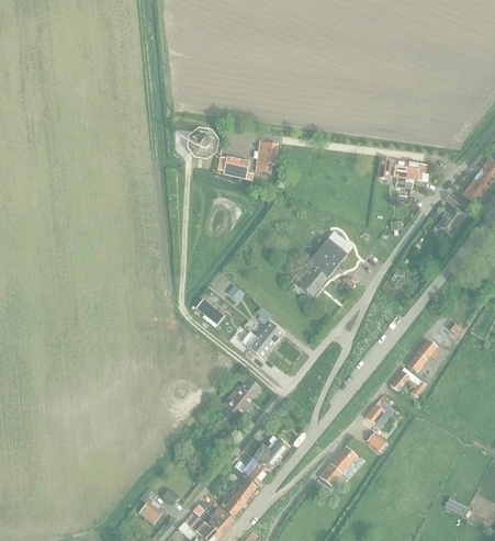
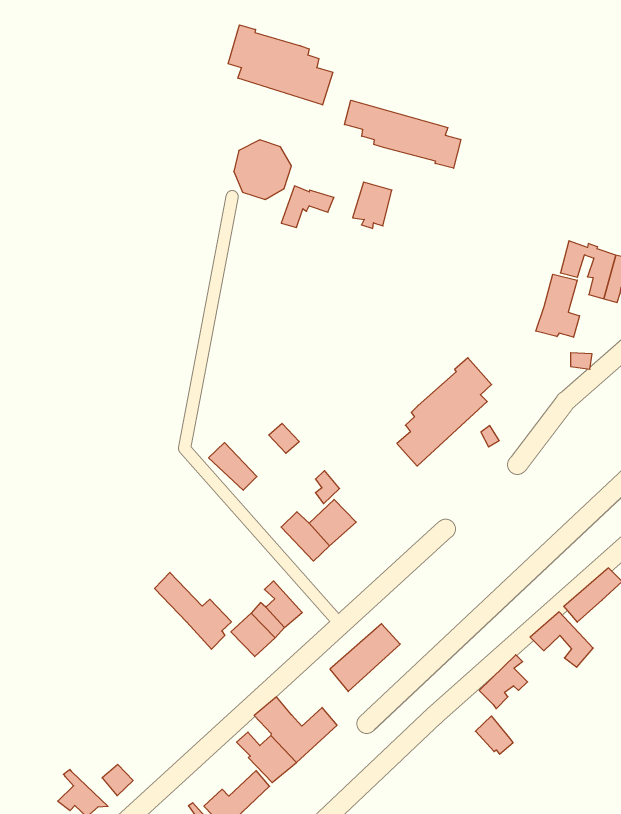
building: none -> [228,25,333,105]
building: none -> [344,100,461,168]
building: none -> [536,274,580,337]
building: none -> [155,572,231,649]
building: [318,446,356,486] -> [330,624,400,692]

